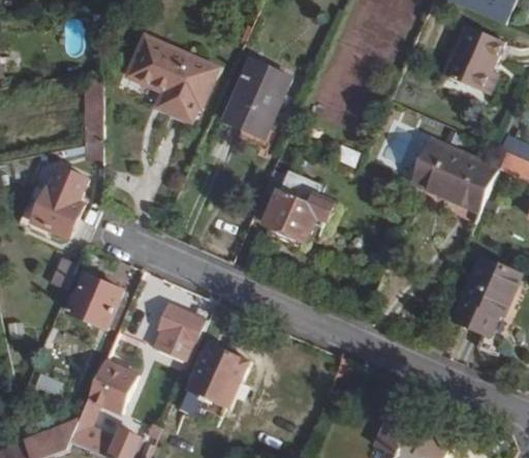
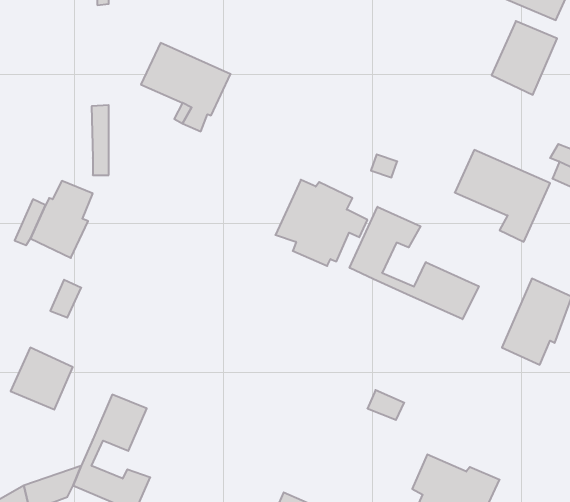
building: [225,58,292,134] -> none
building: none -> [350,207,479,319]
building: [68,272,124,328] -> [11,348,73,410]
building: [153,302,207,362] -> none
building: [187,342,249,406] -> none

